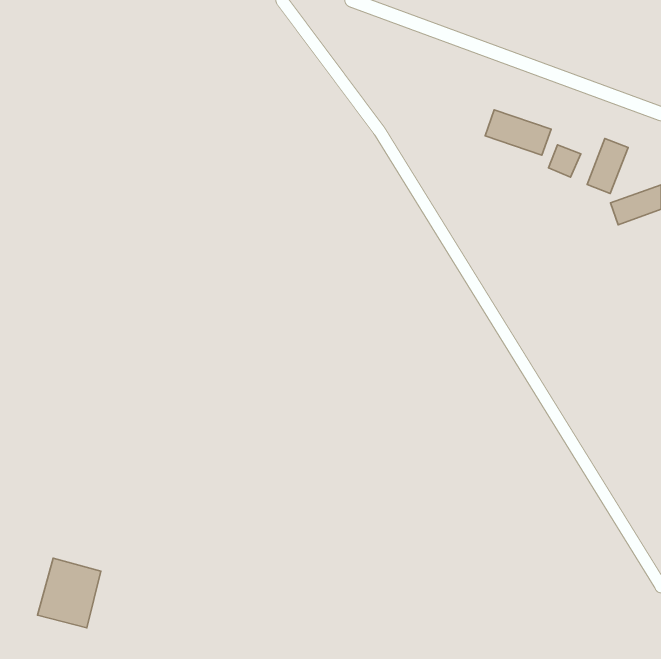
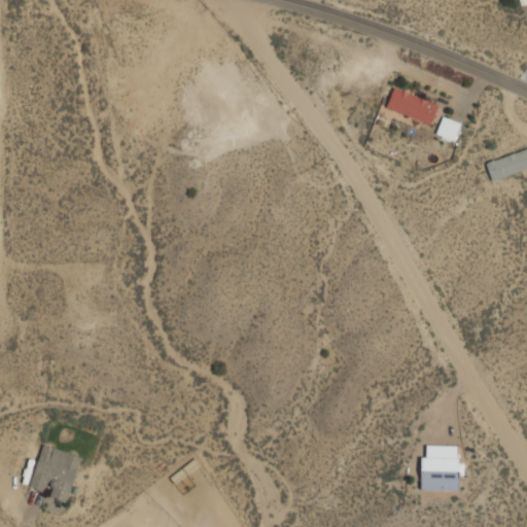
building: [587,139,628,193] -> none
building: none -> [421,445,460,490]

